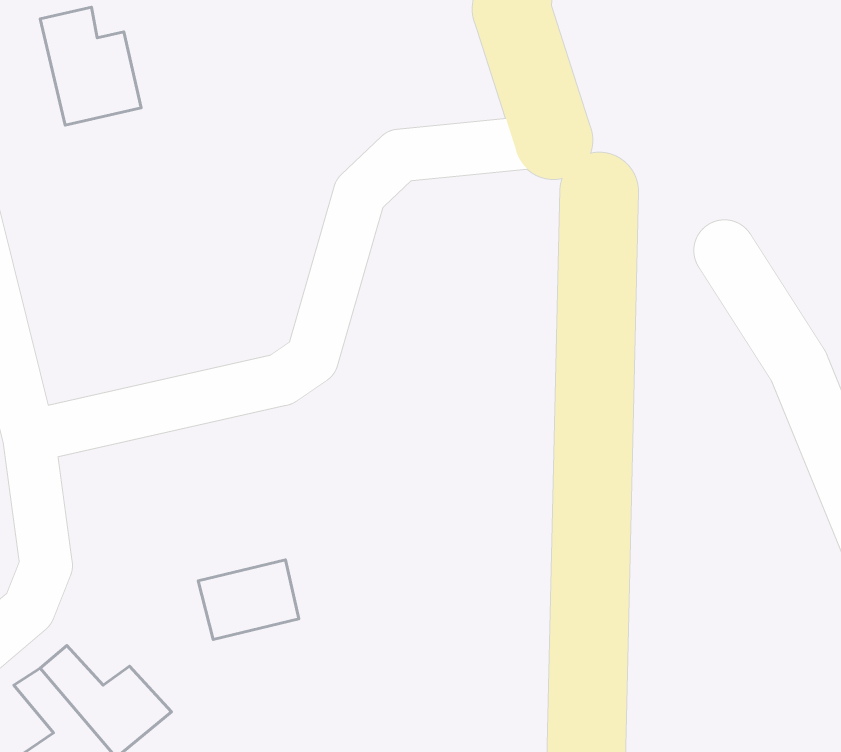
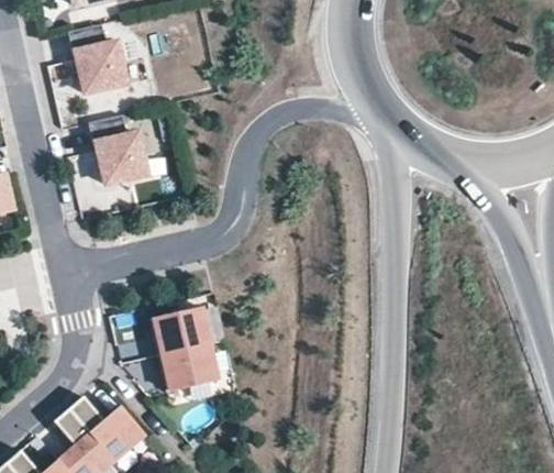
building: none -> [88,114,148,187]
building: none -> [149,308,210,359]

